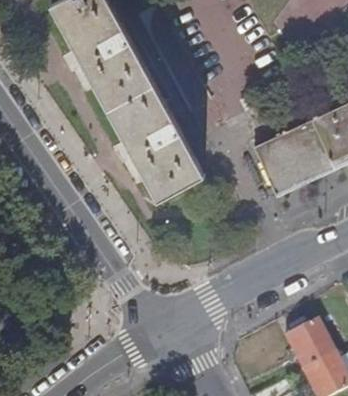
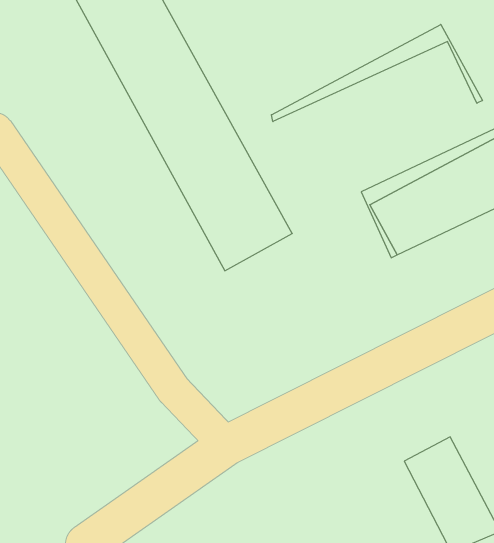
building: none -> [271,24,482,122]

